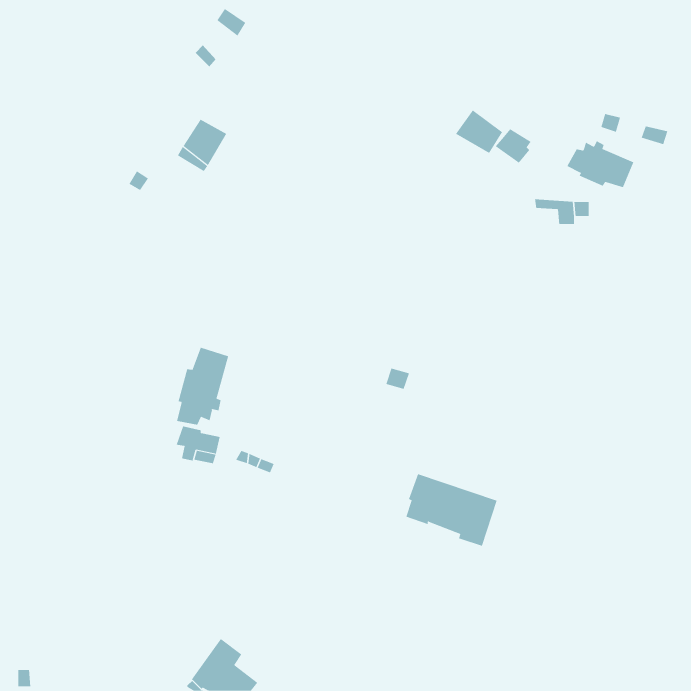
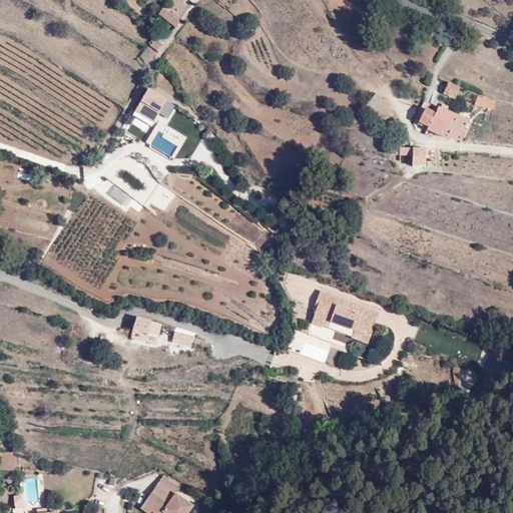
building: [455,109,503,154] -> none
building: [177,347,229,426] -> none
building: [405,473,497,546] -> [311,292,379,346]

